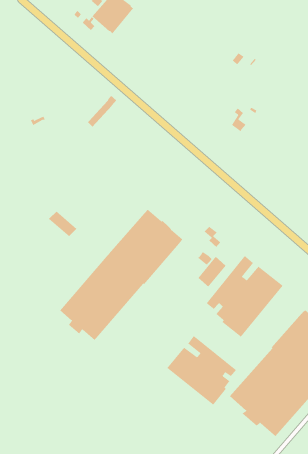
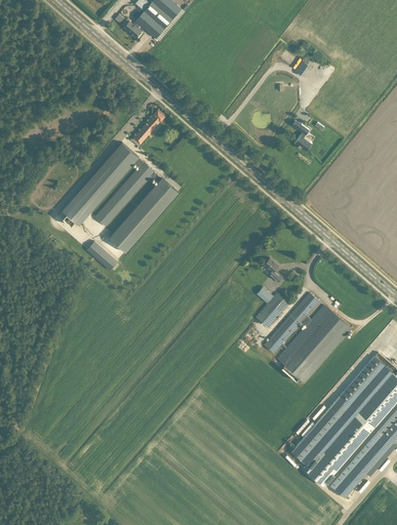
building: none -> [62,142,178,252]
building: [59,209,183,341] -> none
building: [166,335,237,405] -> none

